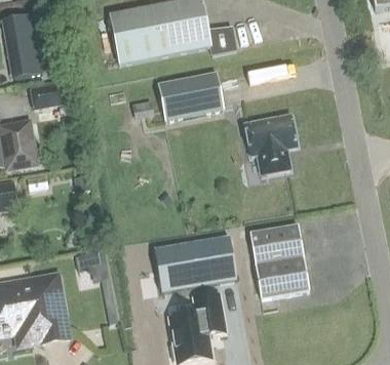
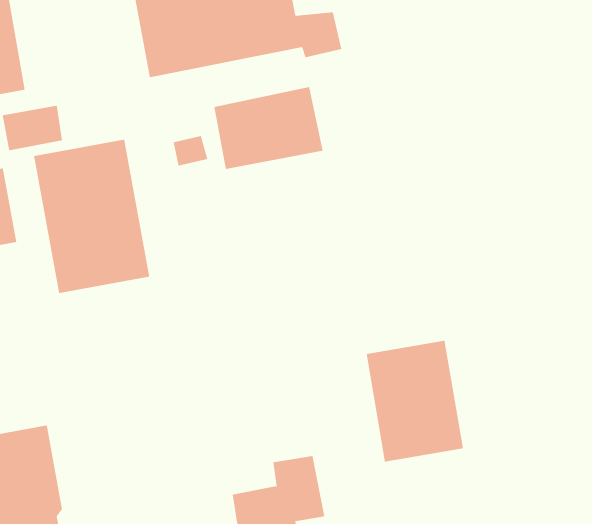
building: none -> [34,139,150,294]
building: [244,114,297,172] -> none
building: [152,236,234,291] -> none

